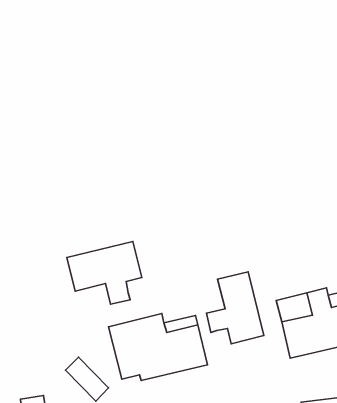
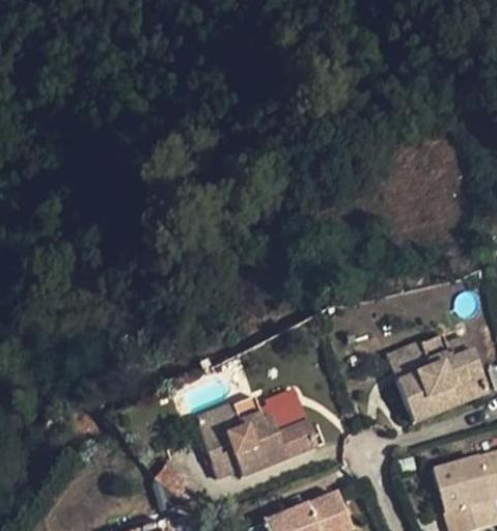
building: [67,242,142,304] -> none
building: [206,272,264,344] -> none

